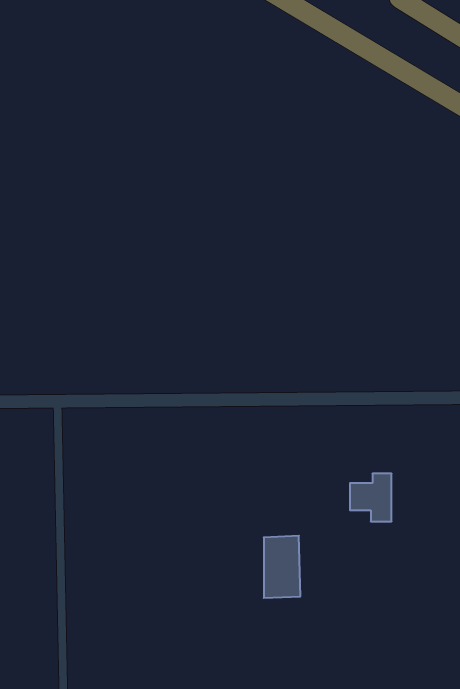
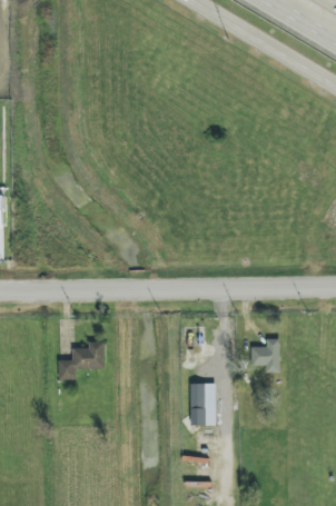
building: none -> [58,341,105,380]

